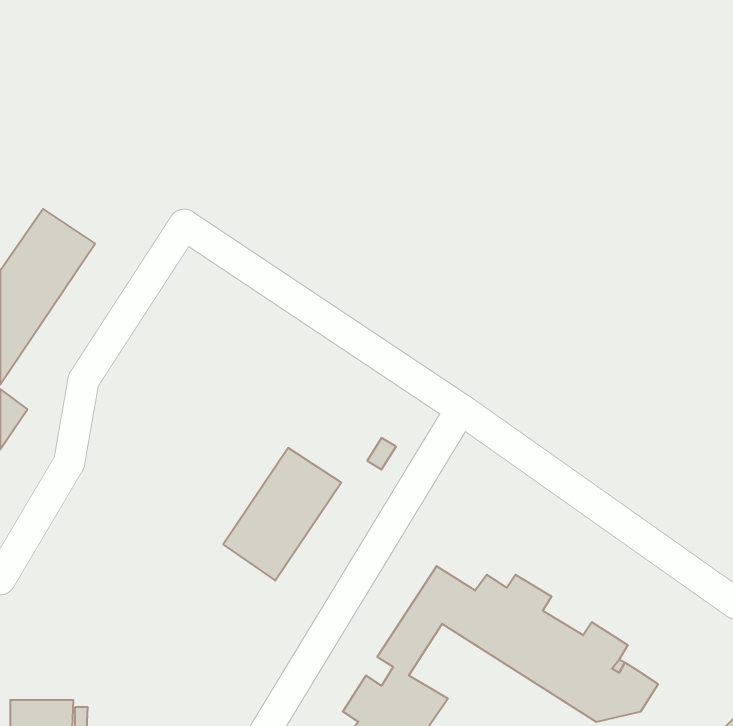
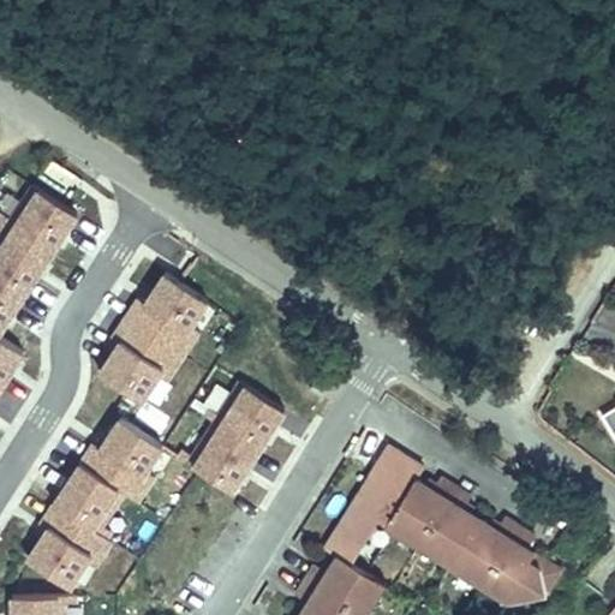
building: none -> [101,271,210,400]
building: none -> [26,416,162,584]
building: none -> [366,455,416,501]

